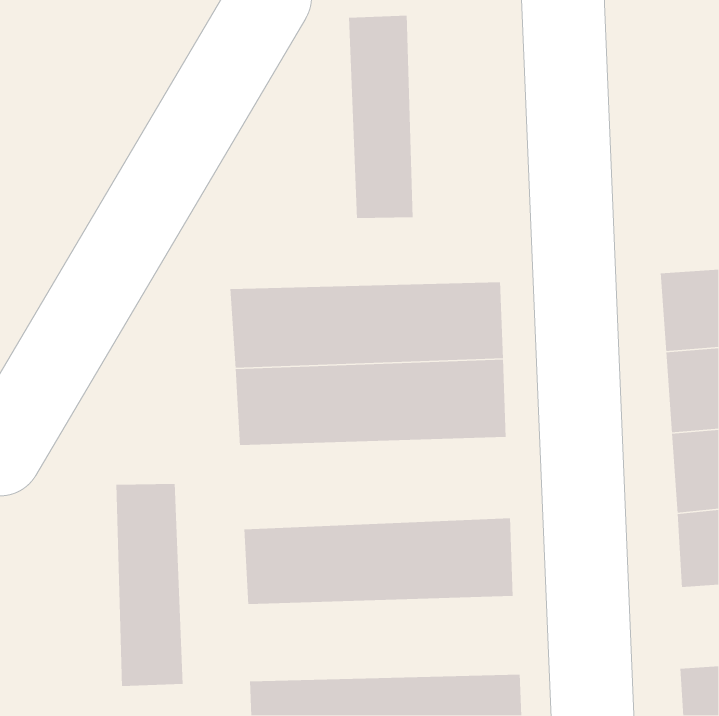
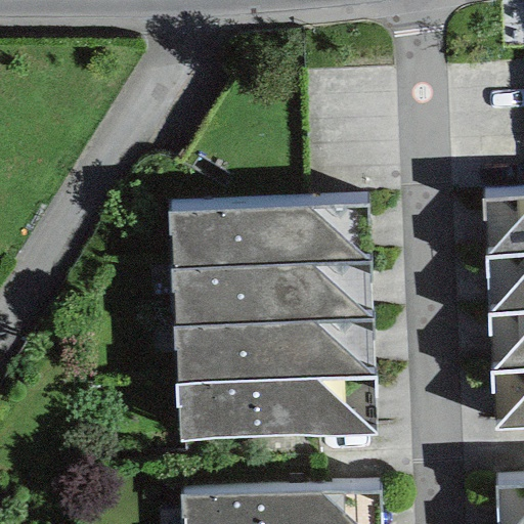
building: [348,15,414,219] -> none
building: none -> [174,318,372,385]
building: [115,483,183,687] -> none

